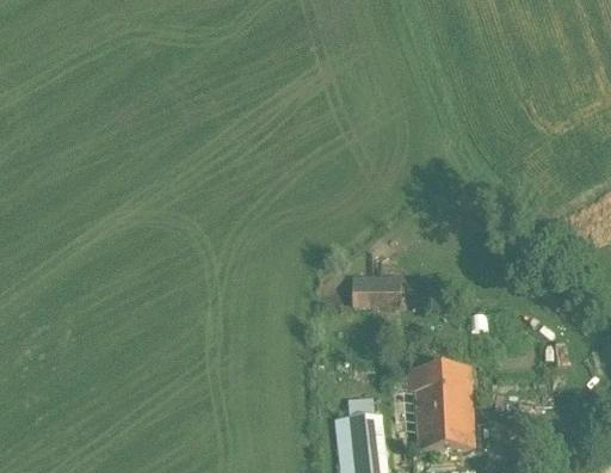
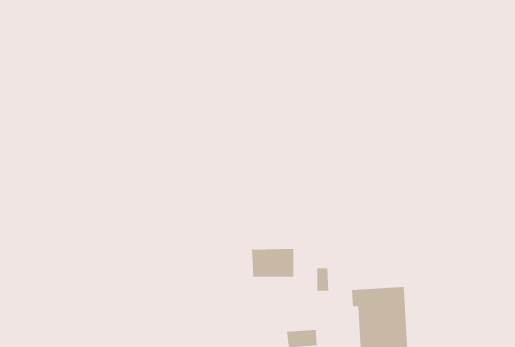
building: [352,275,401,308] -> [251,248,294,277]

